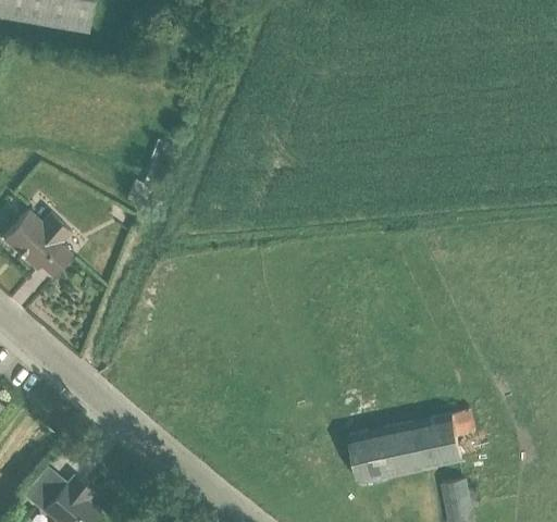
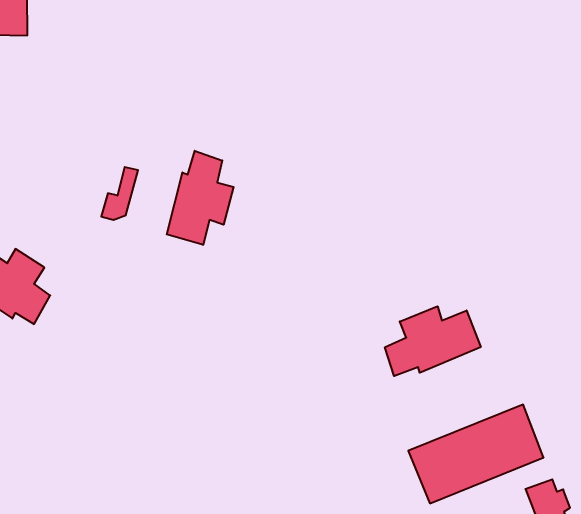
building: none -> [167,151,234,245]
building: none -> [385,306,481,376]

